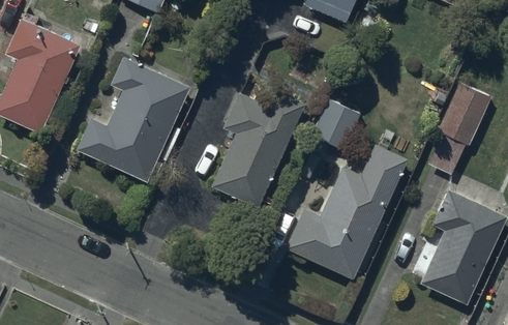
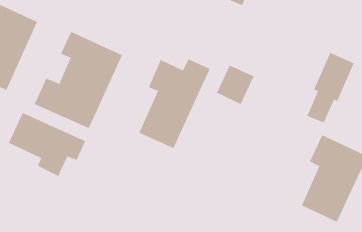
building: [285,144,408,279] -> none
building: none -> [8,112,86,177]

